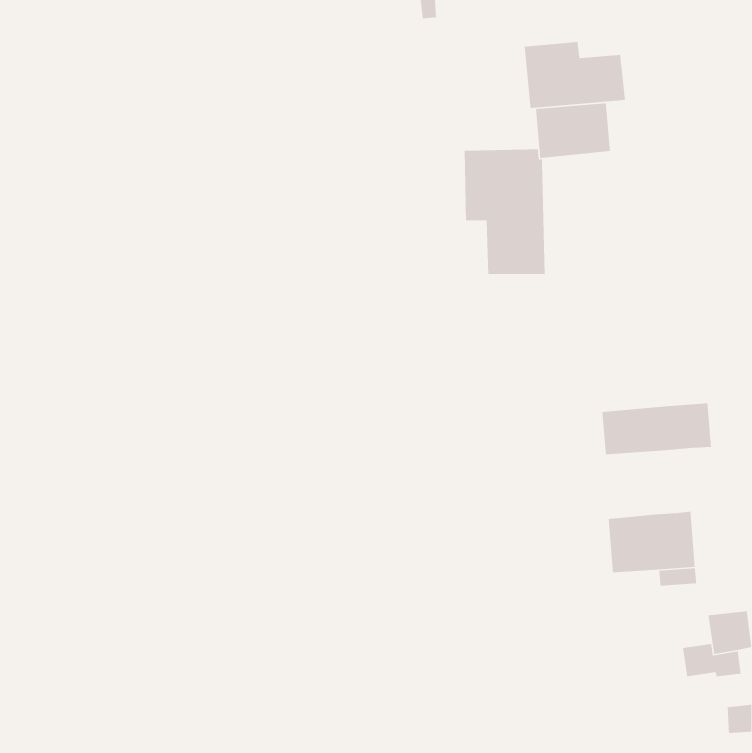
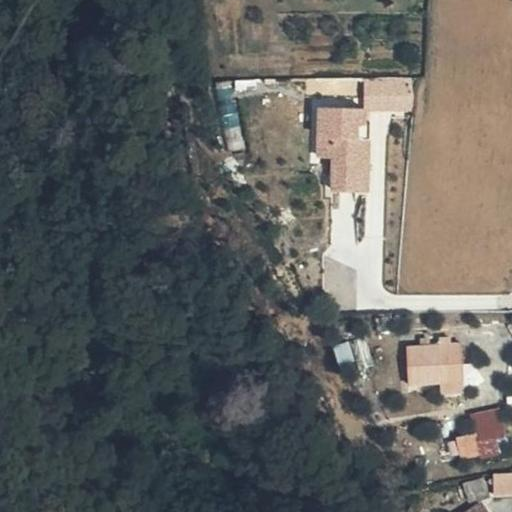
building: [524,41,626,109] -> none
building: [602,402,712,455] -> none

